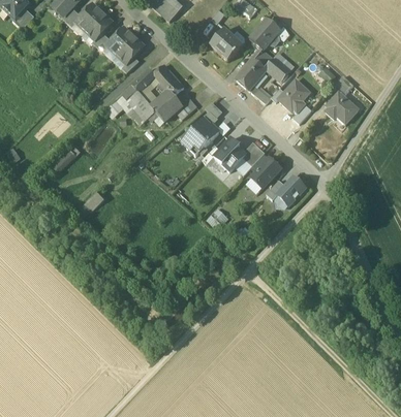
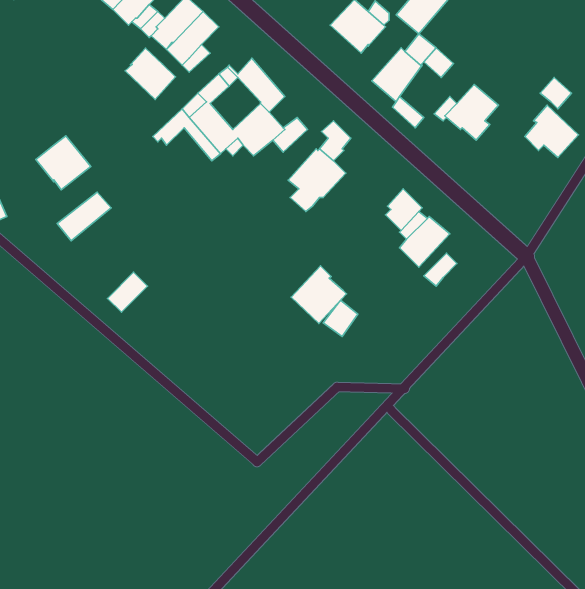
building: none -> [125,48,176,100]
building: none -> [36,136,91,190]
building: [214,136,247,170] -> [291,266,347,323]
building: [278,175,306,204] -> none

